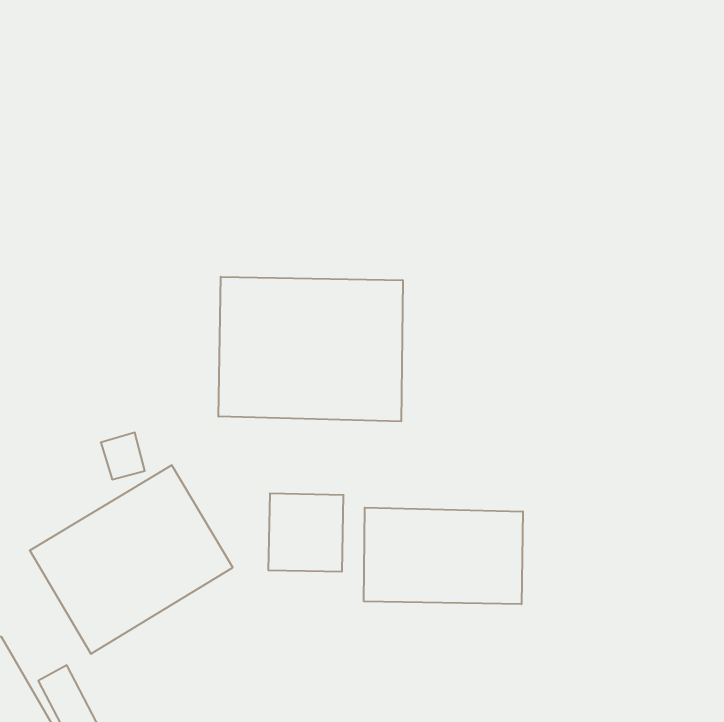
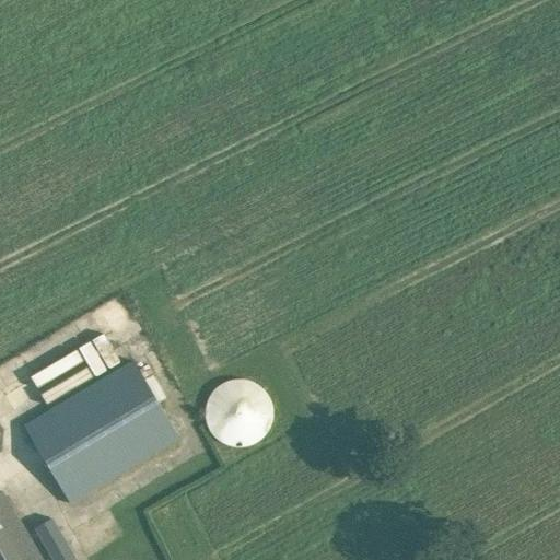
building: [218,277,403,421] -> none
building: [364,508,523,604] -> none

